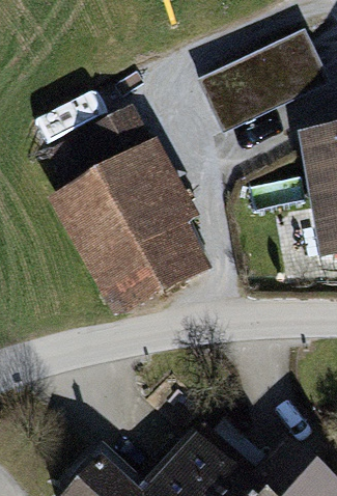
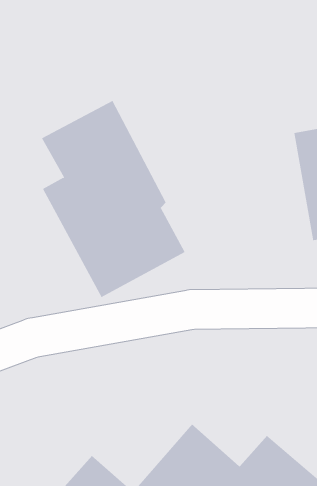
building: [203,38,324,131] -> none

